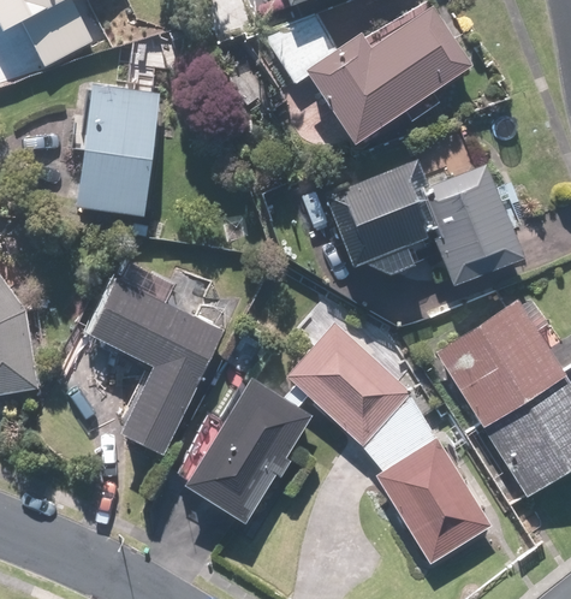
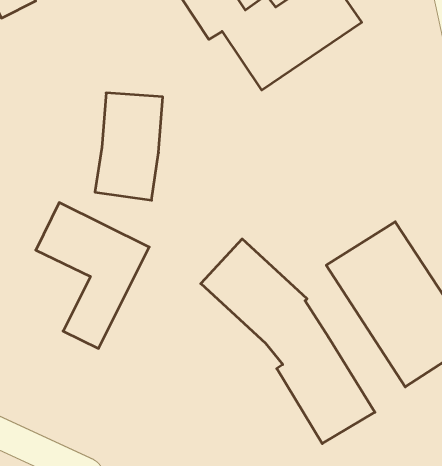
building: [78,88,159,215] -> [95,93,163,200]
building: [327,159,522,284] -> none
building: [185,376,313,520] -> none

